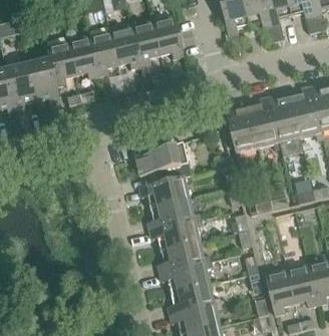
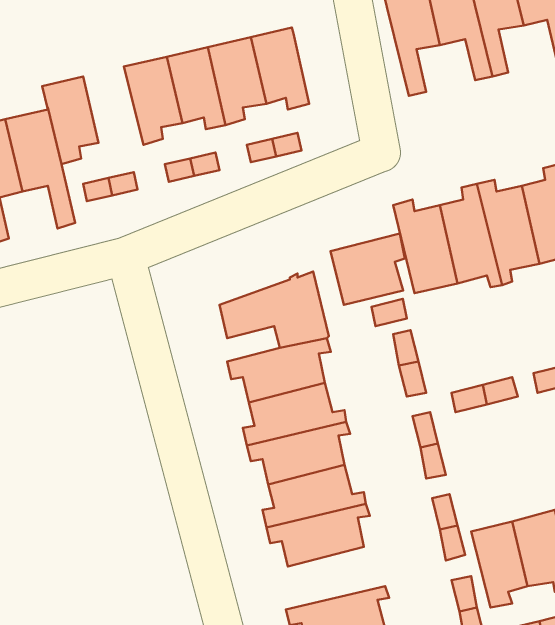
building: [66,35,97,77] -> none
building: none -> [330,233,405,305]
building: [169,282,222,314] -> none

